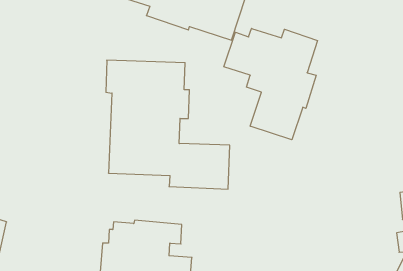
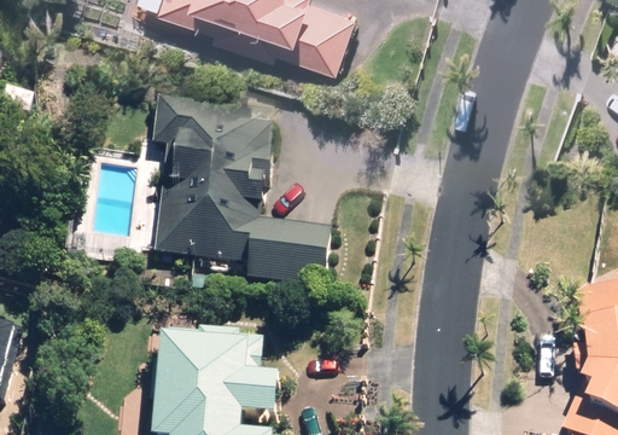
building: [224,28,318,140] -> none

